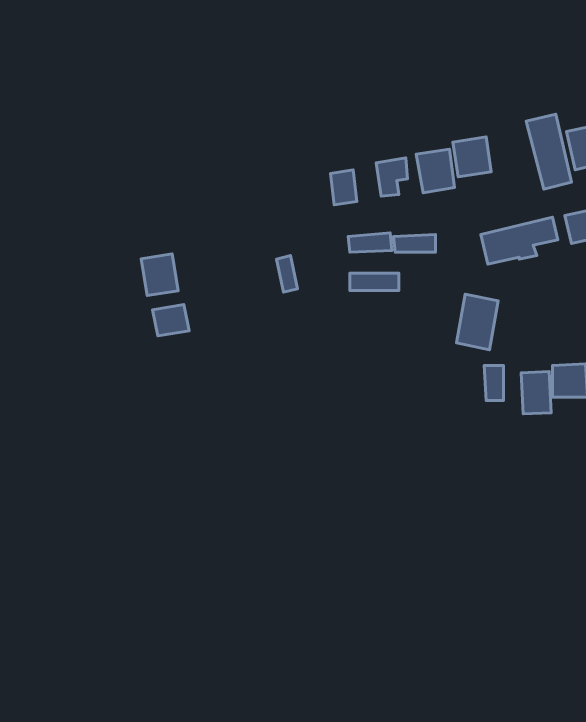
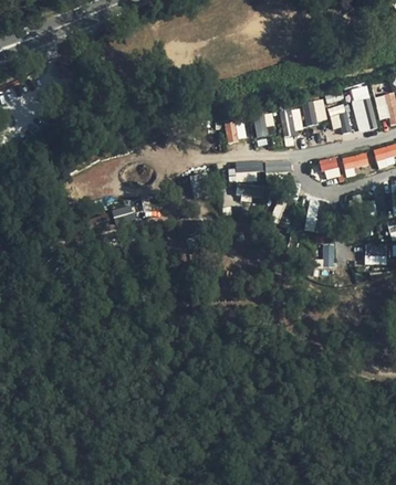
building: none -> [327,104,352,135]
building: [141,254,178,296] -> none
building: [521,372,551,414] -> none

